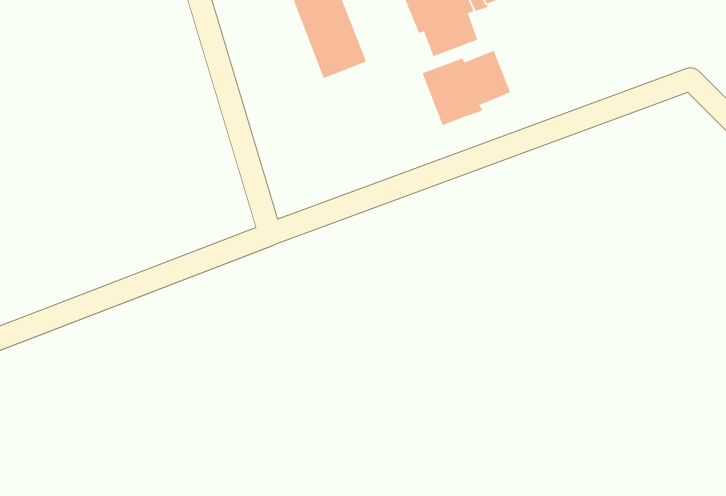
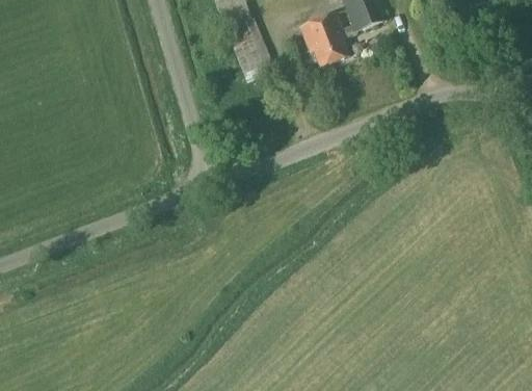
building: [422,50,511,126] -> none

